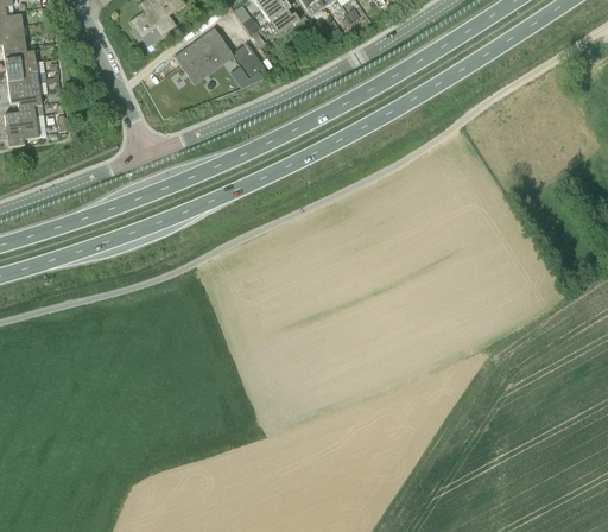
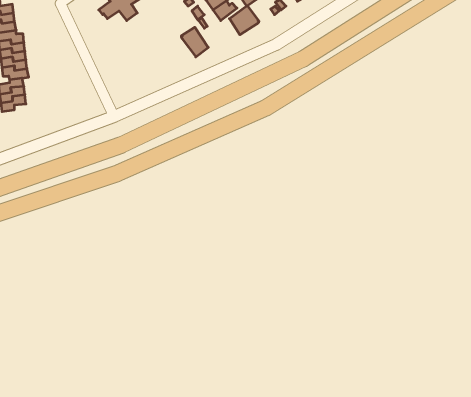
building: none -> [229,6,259,35]
building: [175,28,232,77] -> none

